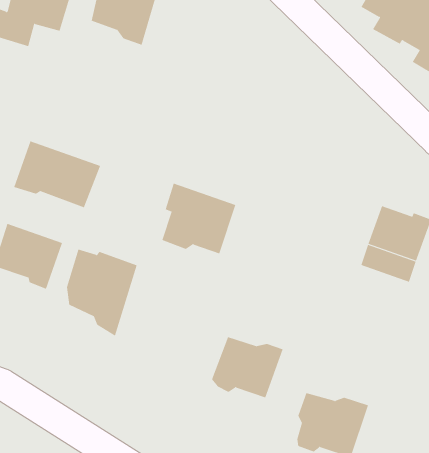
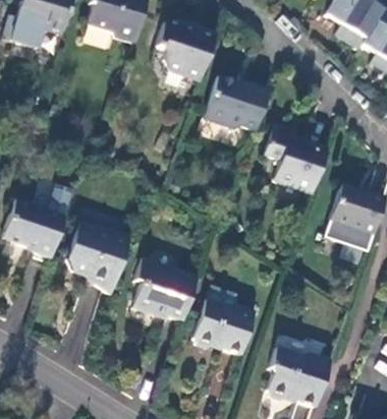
building: none -> [156,19,215,80]
building: none -> [205,77,270,130]
building: none -> [265,124,328,192]
building: [14,141,101,208] -> none
building: [161,183,236,254] -> [132,257,198,319]

